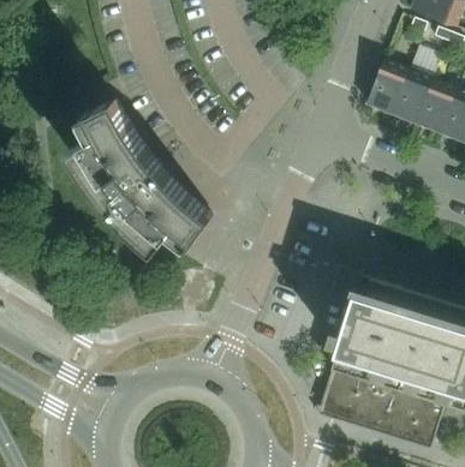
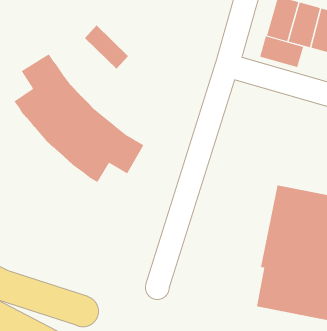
building: none -> [84,25,129,69]
building: none -> [259,36,304,68]

